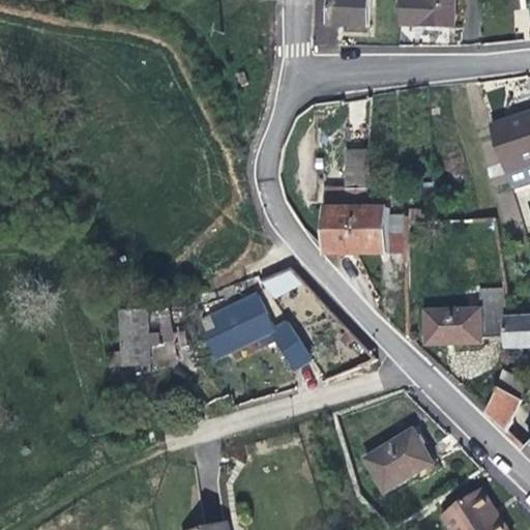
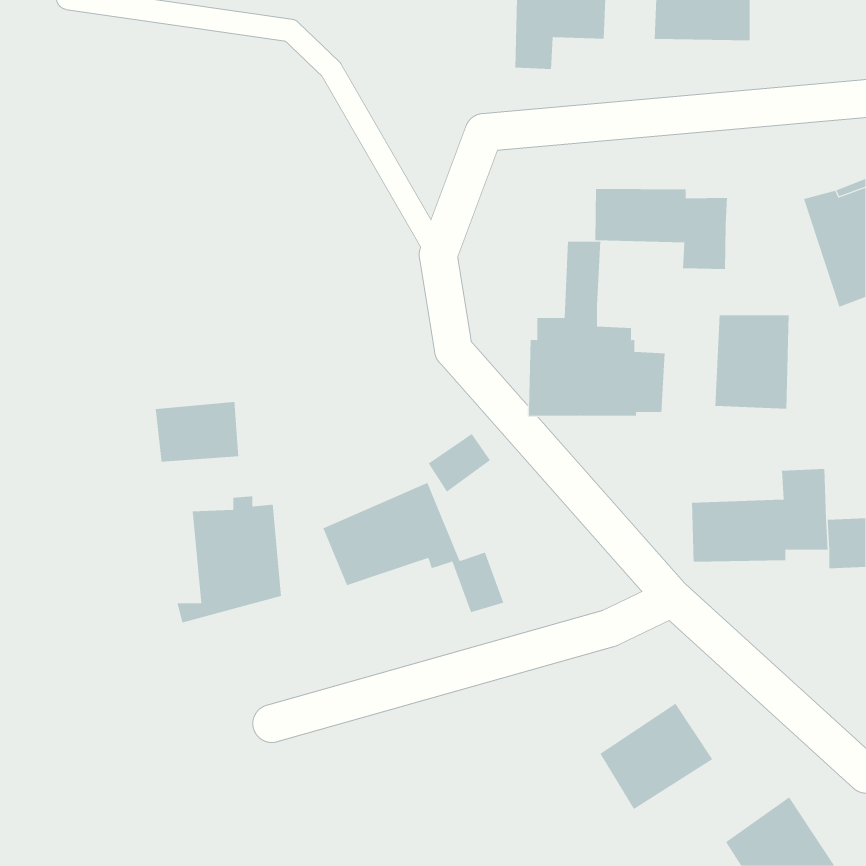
building: none -> [595,188,727,270]
building: none -> [715,314,789,410]
building: none -> [155,401,239,462]
building: [484,386,520,432] -> none

